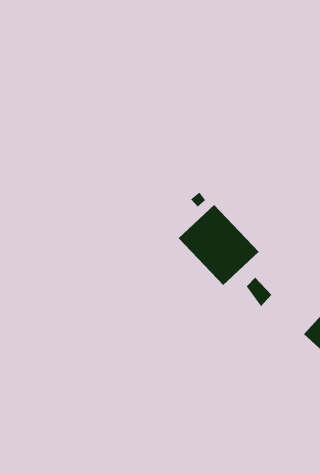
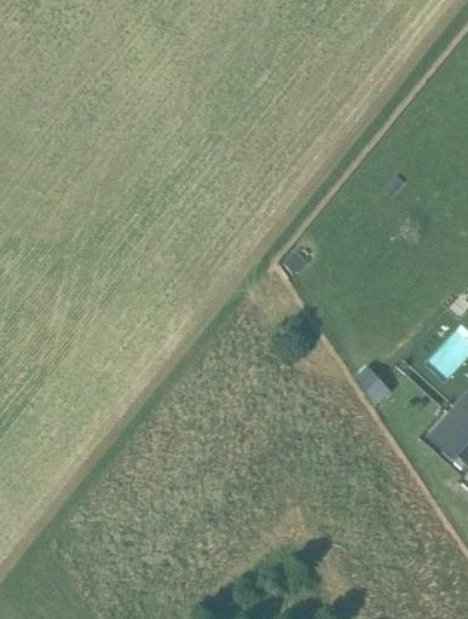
building: [178,204,259,286] -> none

